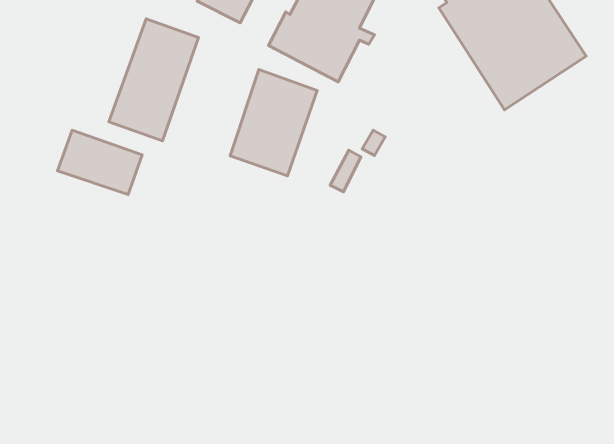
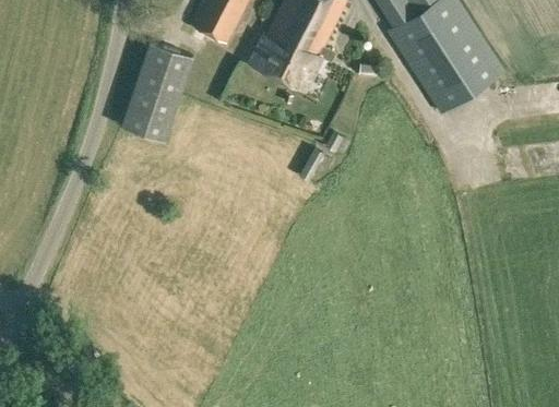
building: [230,69,317,176] -> none
building: [57,130,142,195] -> none

